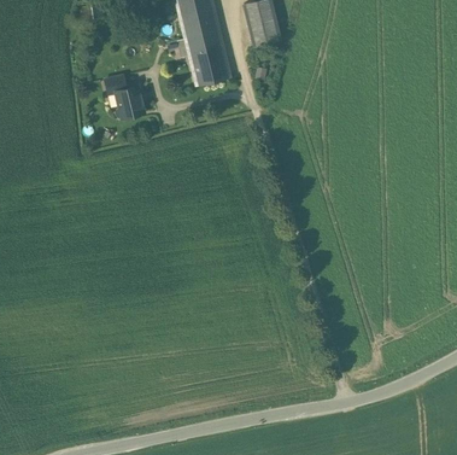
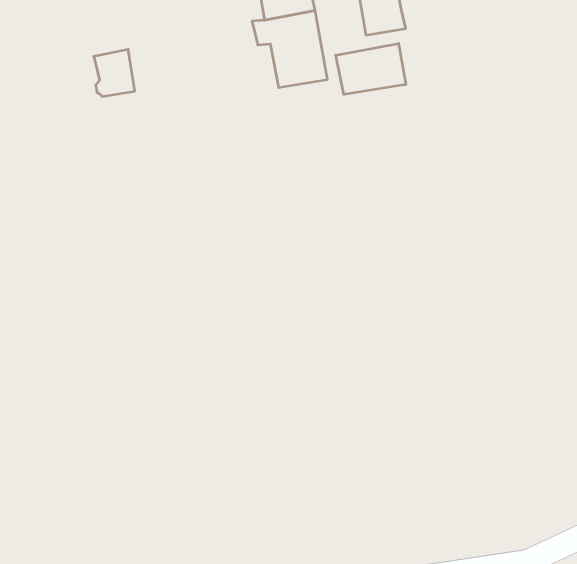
building: none -> [336,43,406,94]
building: [115,84,143,117] -> [94,49,135,96]

